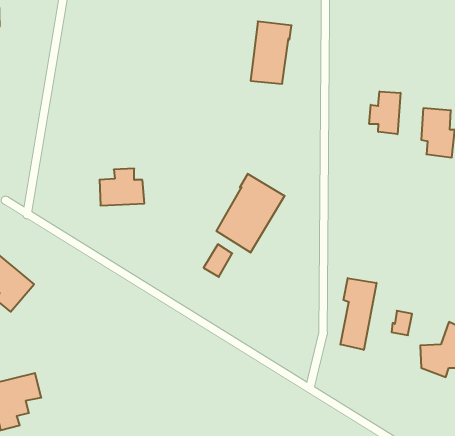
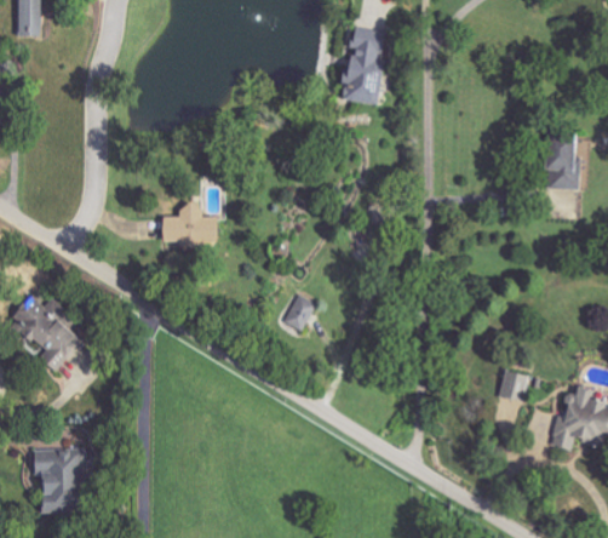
building: [369,91,400,134] -> none
building: [217,174,285,253] -> none
building: [340,278,376,350] -> none

